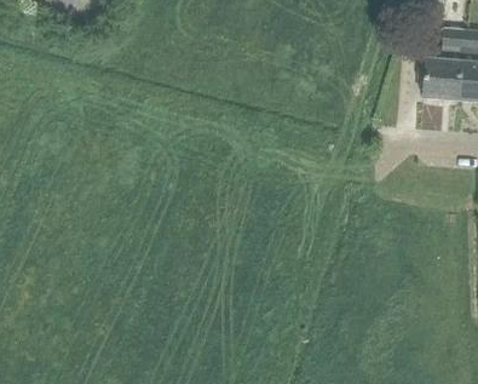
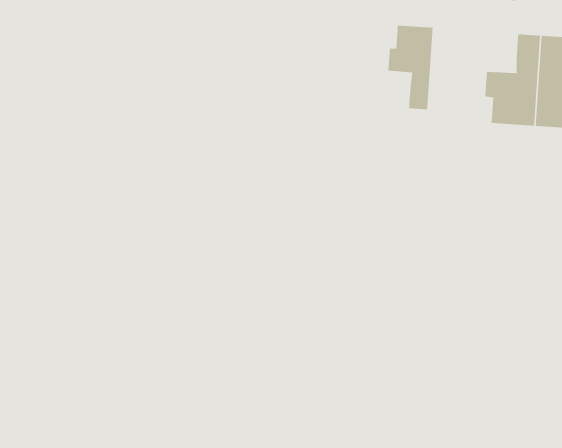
building: none -> [388,25,433,110]

